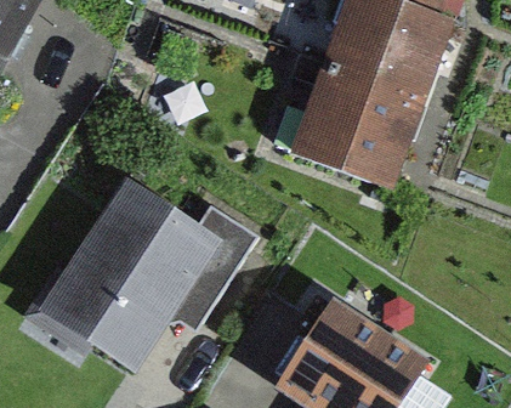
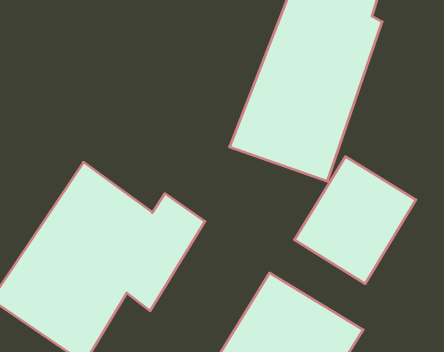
building: none -> [294,157,416,284]

